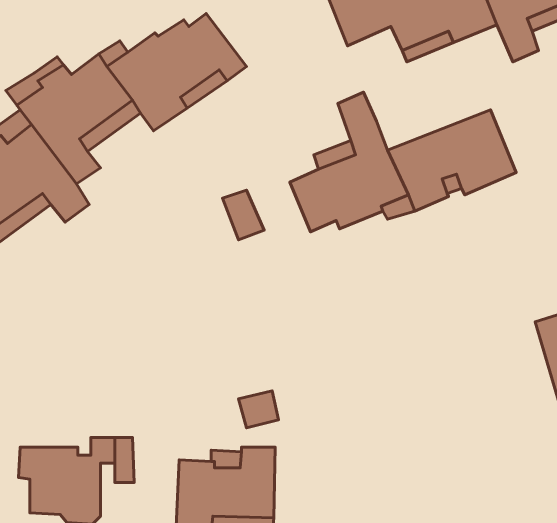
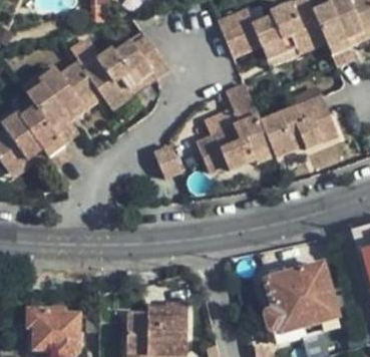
building: none -> [264,261,337,332]

